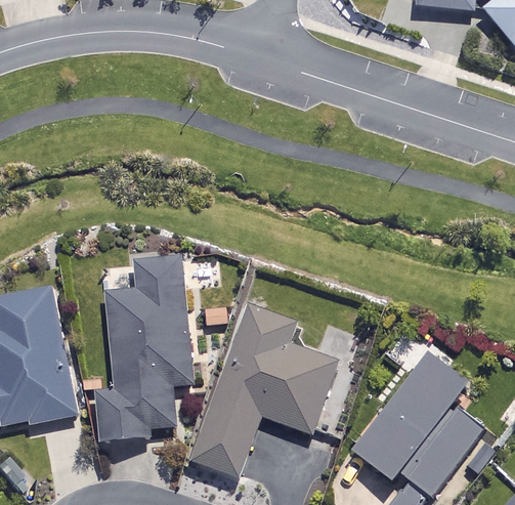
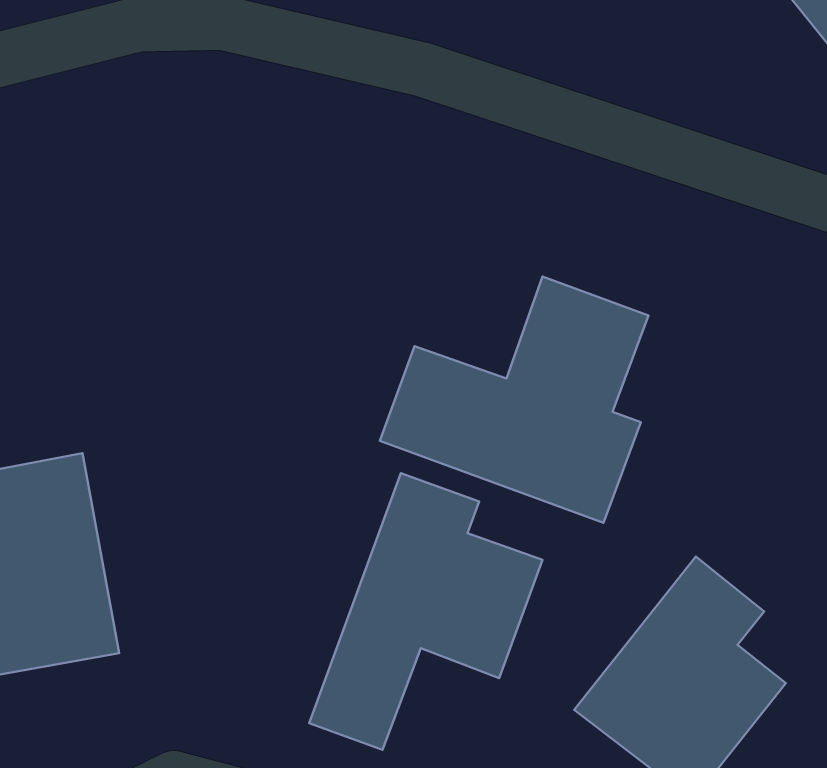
building: none -> [380,277,649,523]
building: [96,255,191,440] -> none

